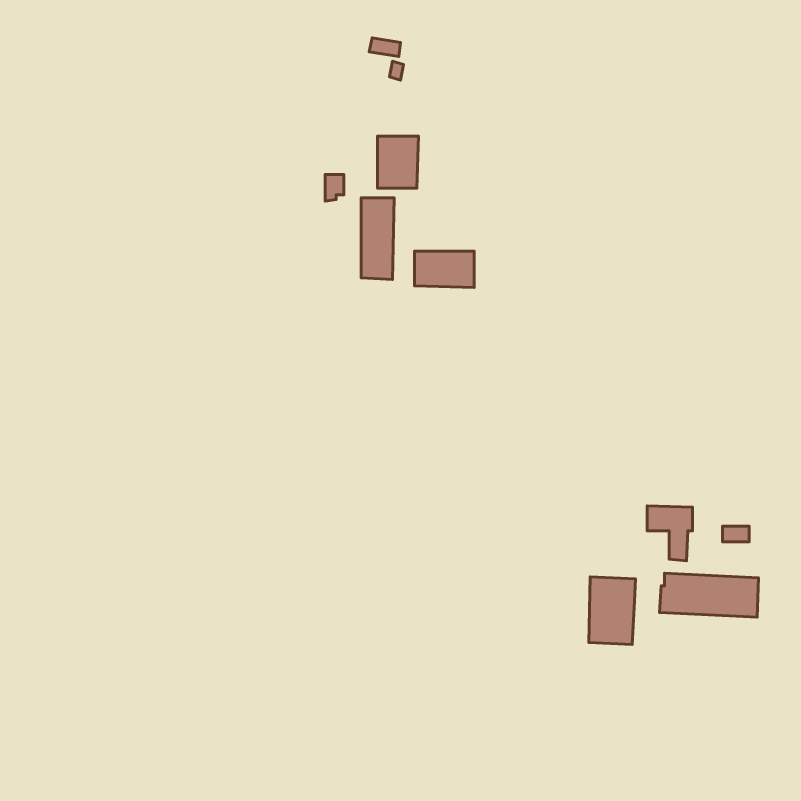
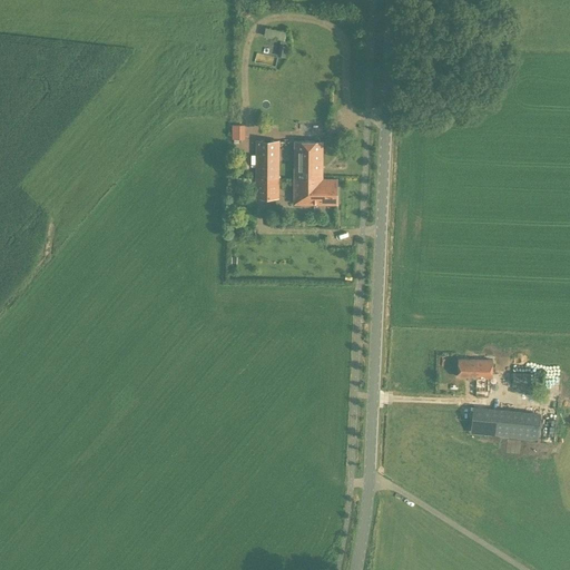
building: [378,136,418,188] -> [295,142,324,179]
building: [589,577,635,644] -> none

